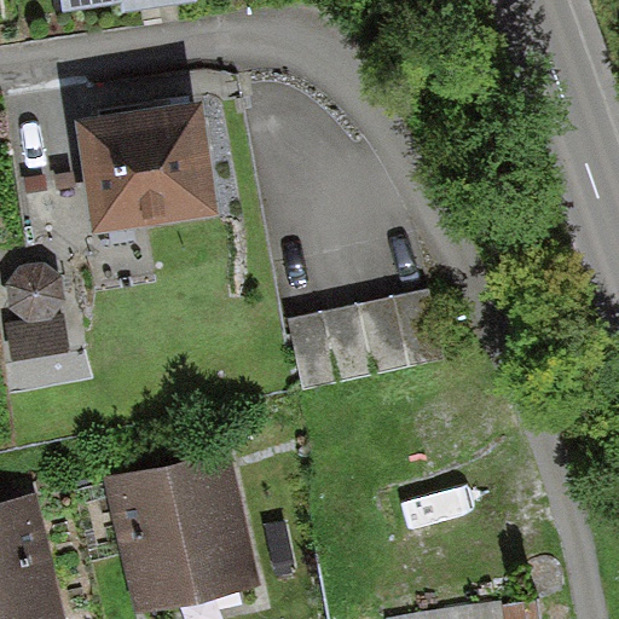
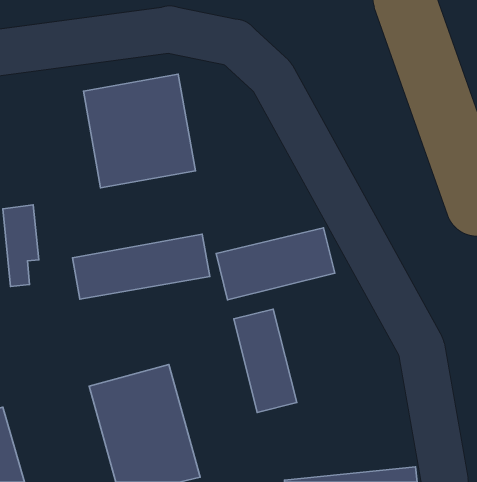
building: none -> [73,234,210,299]
building: none -> [234,309,297,413]

